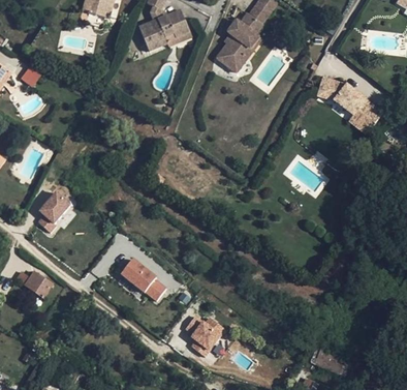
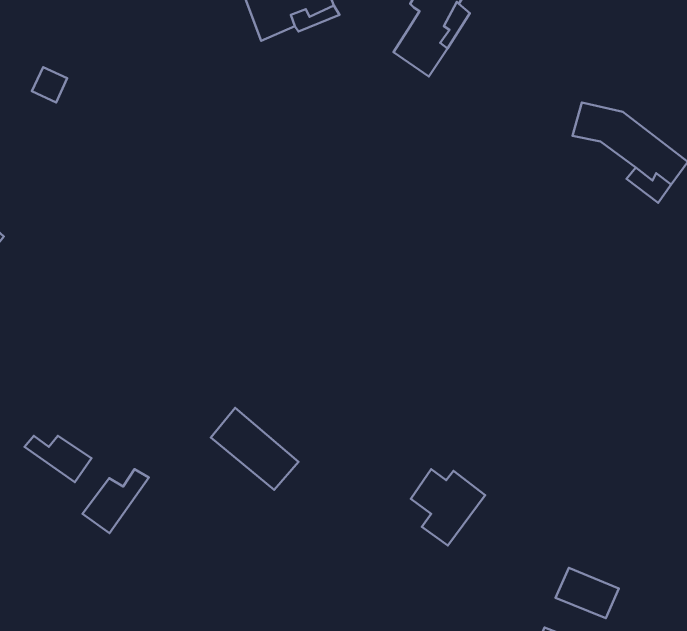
building: [37,187,73,231] -> none
building: none -> [83,469,149,533]
building: [184,313,225,356] -> [411,469,485,545]

